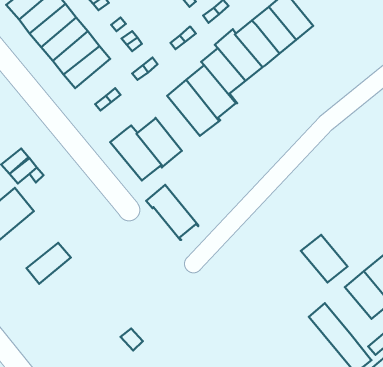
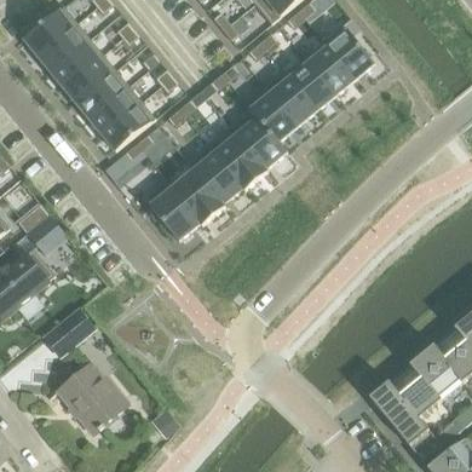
building: none -> [102,100,156,150]
building: [146,185,198,240] -> [185,143,244,206]
building: [301,235,348,282] -> [387,362,441,416]
building: none -> [63,364,123,433]

